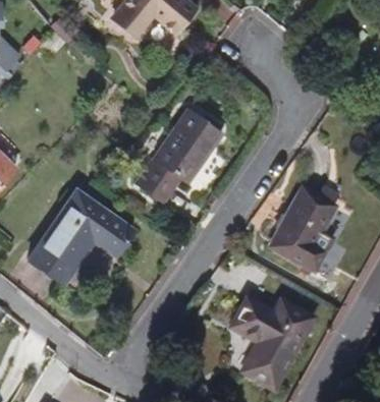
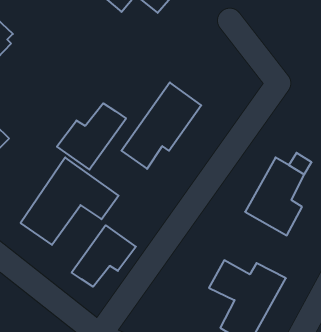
building: none -> [57,103,126,170]
building: none -> [72,225,136,287]

